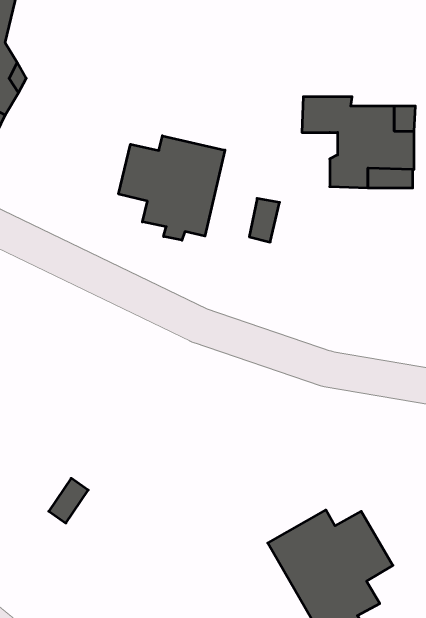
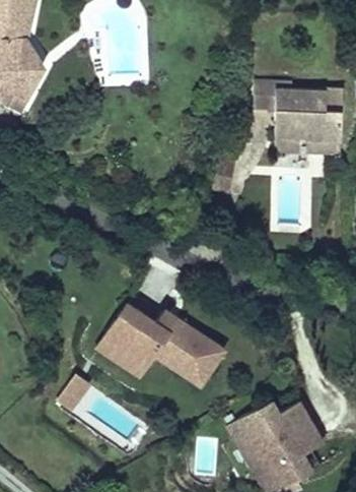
building: [119,136,225,240] -> none
building: none -> [97,302,225,385]

